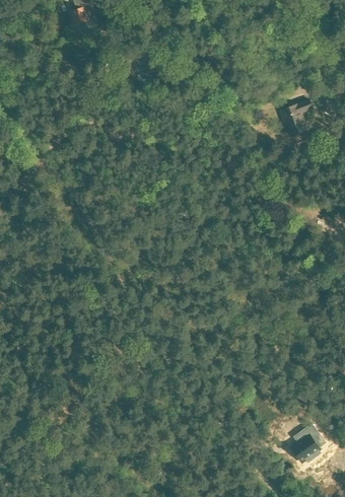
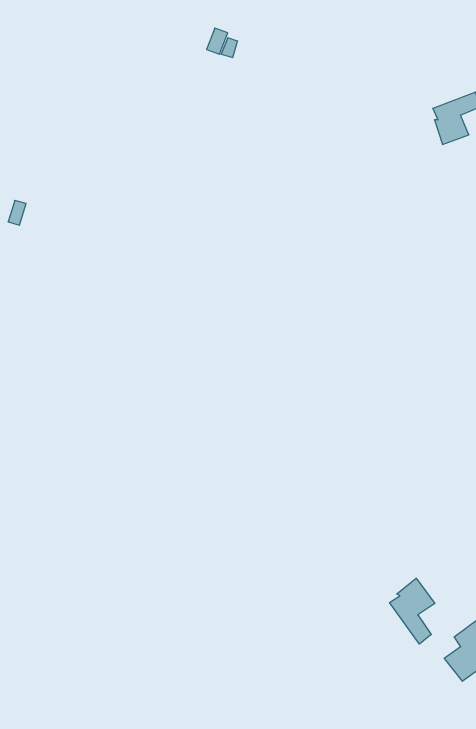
building: none -> [390,578,435,644]

